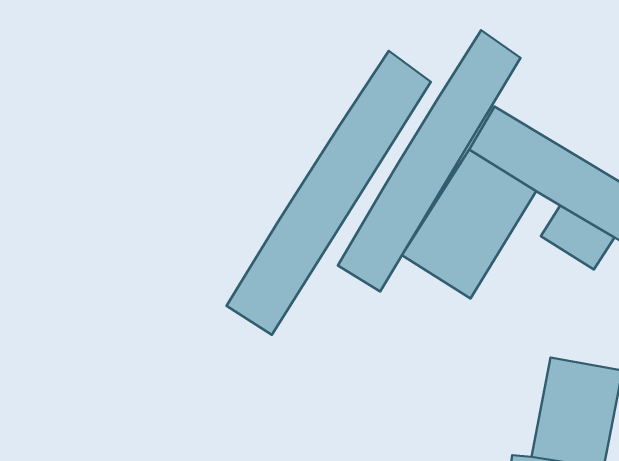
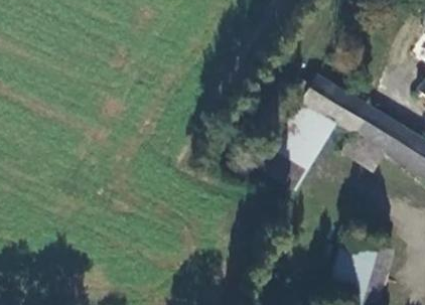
building: [338,30,520,291] -> none
building: [227,51,431,335] -> none

